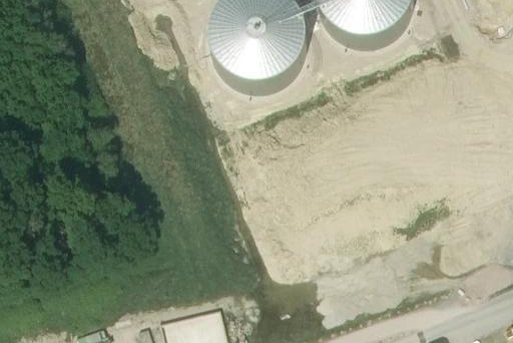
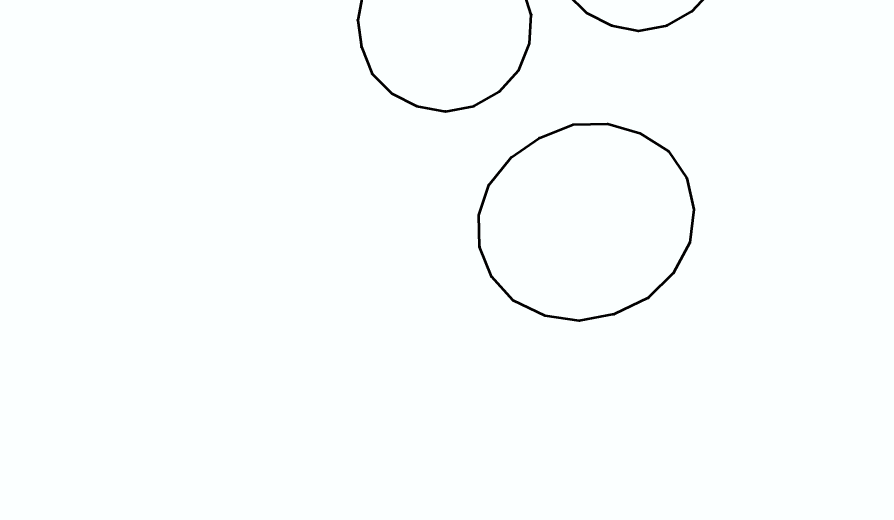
building: none -> [479,124,694,321]

